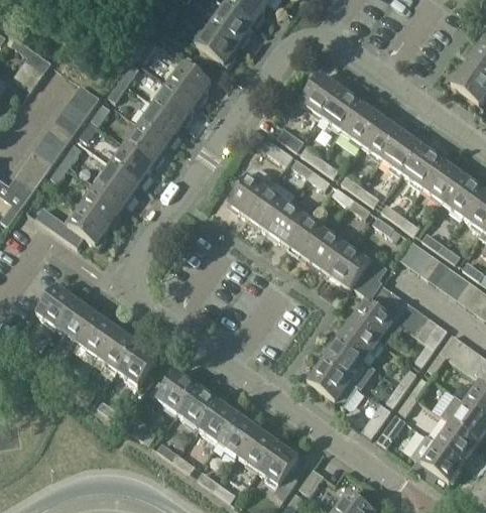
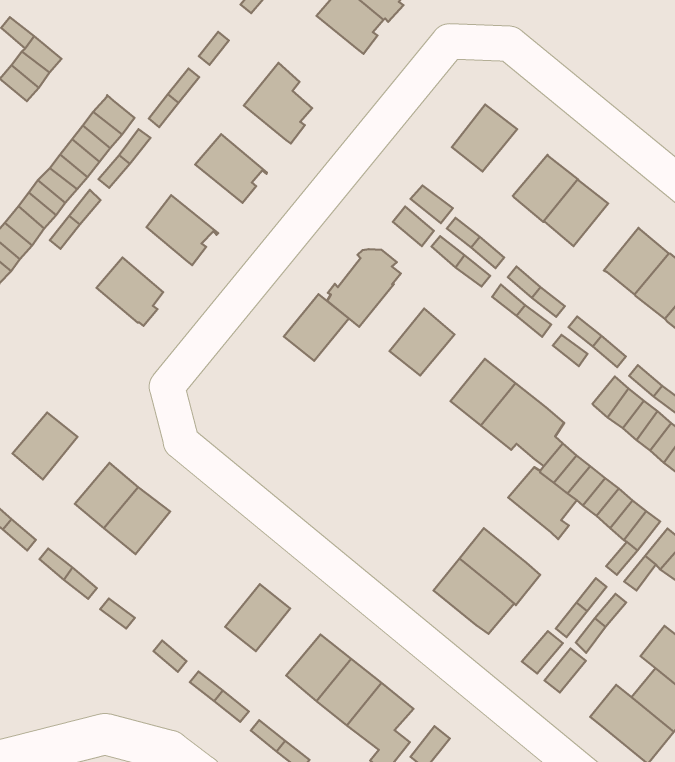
building: [196,24,238,67] -> none
building: [154,84,196,125] -> none
building: [321,88,361,130] -> none
building: [125,123,170,165] -> none
building: [381,131,421,173] -> none
building: [97,164,138,207] -> none
building: [249,190,289,233] -> [284,294,349,361]
building: [35,205,109,247] -> none
building: [289,220,330,262] -> none
building: [55,299,97,342] -> none
building: [336,320,378,361] -> none
building: [117,343,157,385] -> none
building: [156,371,197,413] -> none
building: [197,399,237,441] -> none

